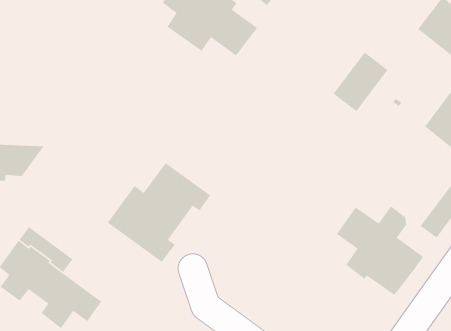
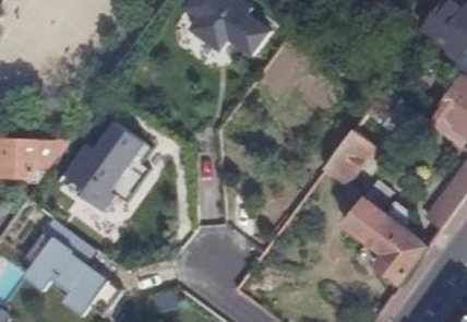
building: [333,51,389,112] -> [321,130,374,188]
building: [107,162,211,263] -> [59,120,158,216]

